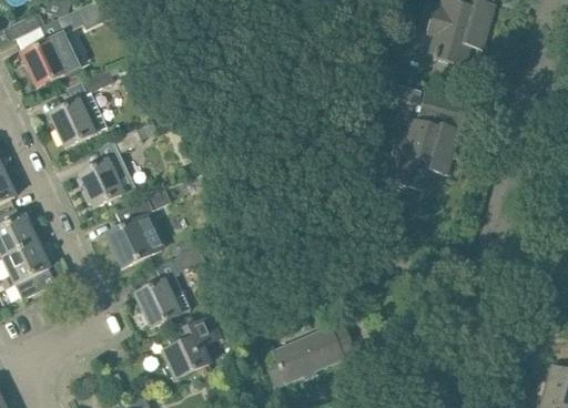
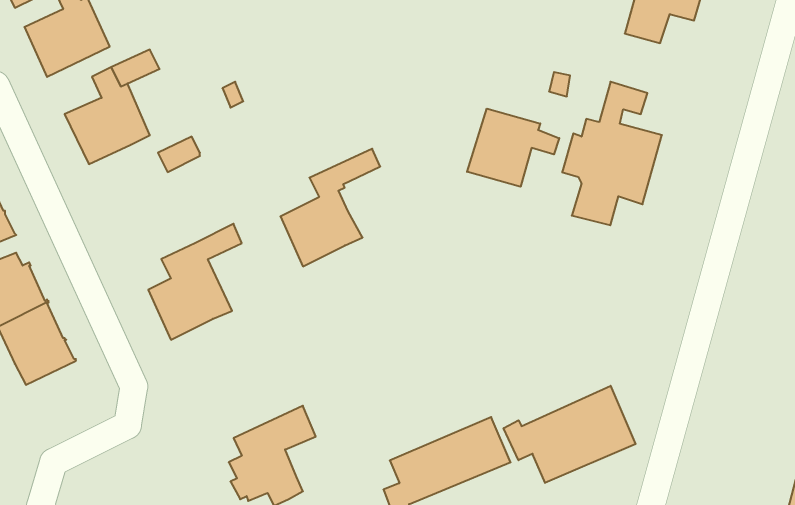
building: none -> [467,109,559,187]
building: [77,160,135,207] -> none
building: [134,247,203,328] -> [280,149,380,266]
building: none -> [504,386,636,483]

